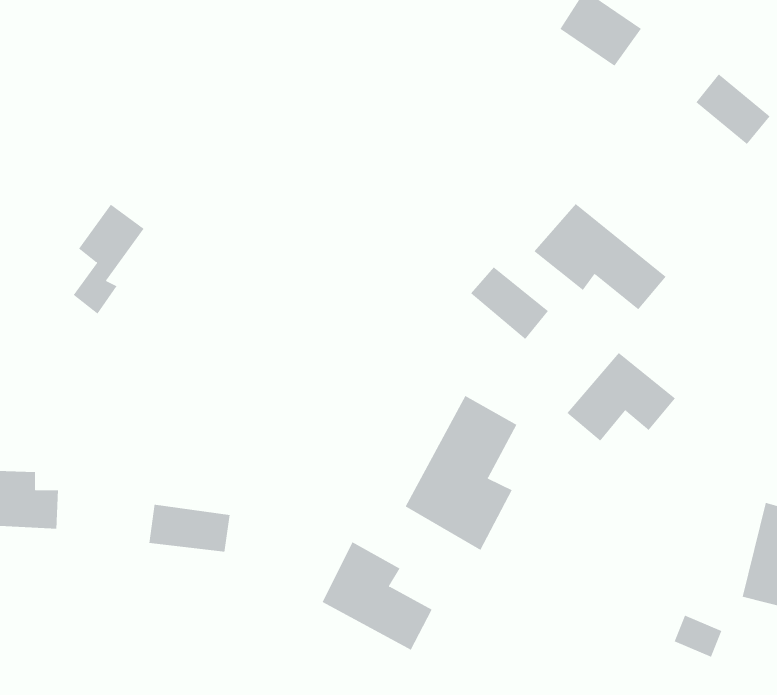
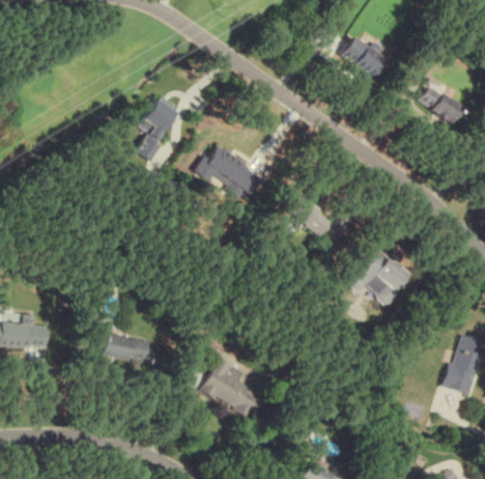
building: none -> [204,148,263,192]
building: [533,203,666,310] -> none
building: [73,204,144,315] -> [137,98,178,163]
building: [405,395,517,551] -> none

